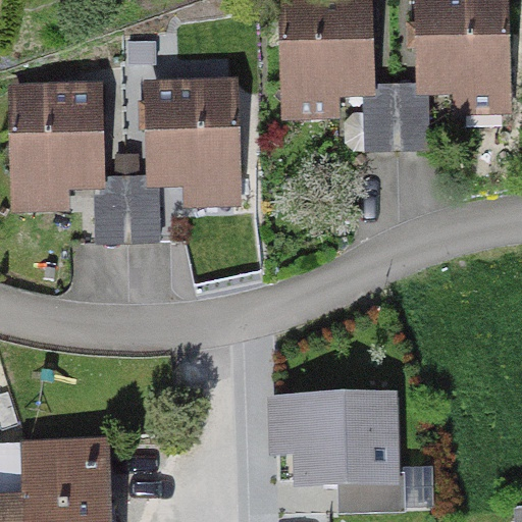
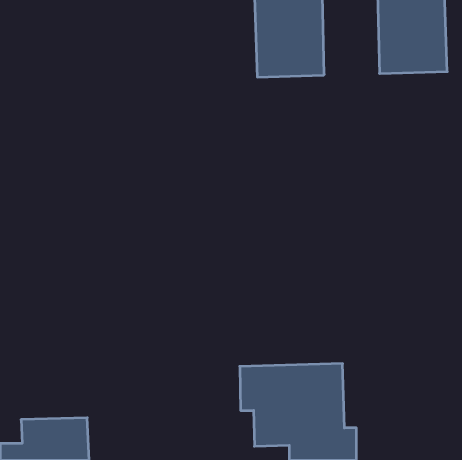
building: [157,84,234,174] -> none
building: [21,88,99,177] -> none

